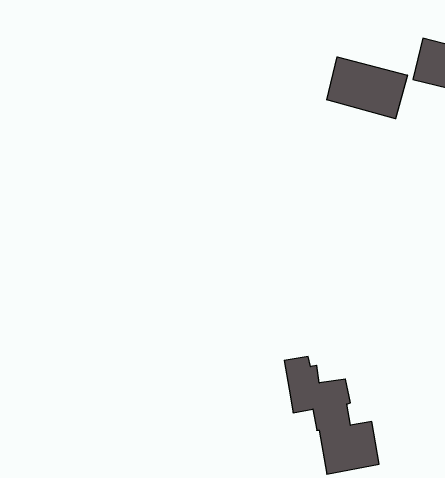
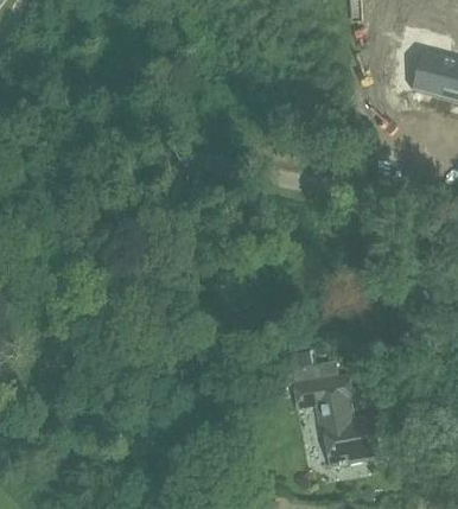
building: [327,57,407,119] -> none

